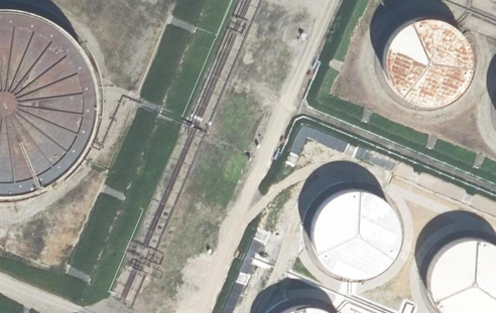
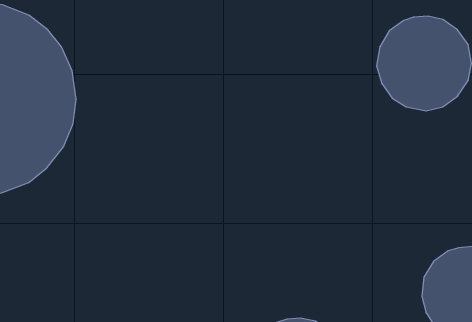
building: [313,189,403,280] -> none

